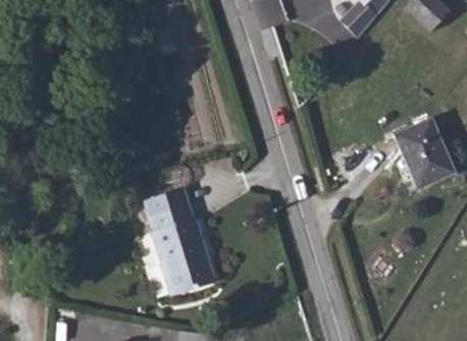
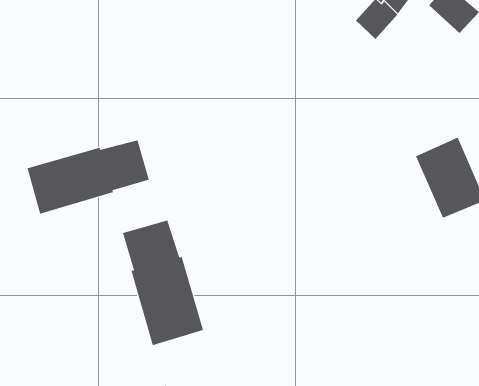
building: none -> [27,139,150,215]

